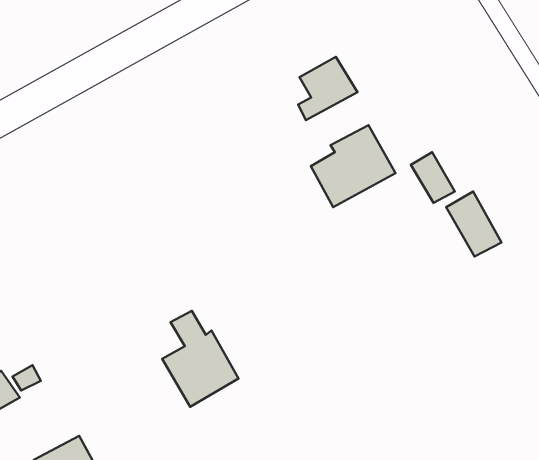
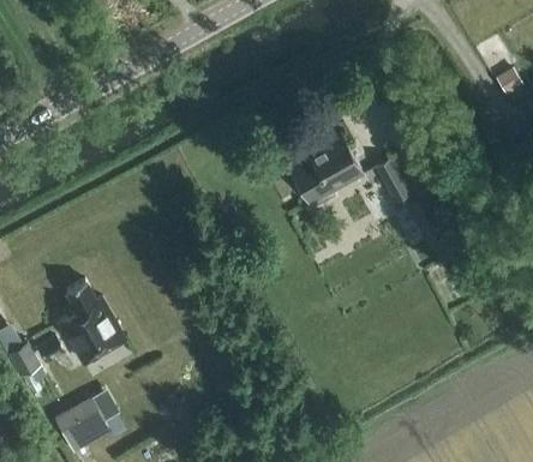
building: [298,57,357,120] -> none
building: [162,311,238,407] -> [59,281,124,362]

